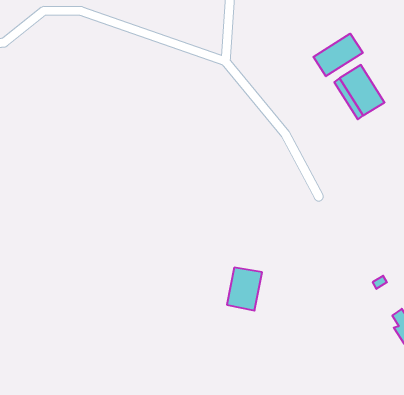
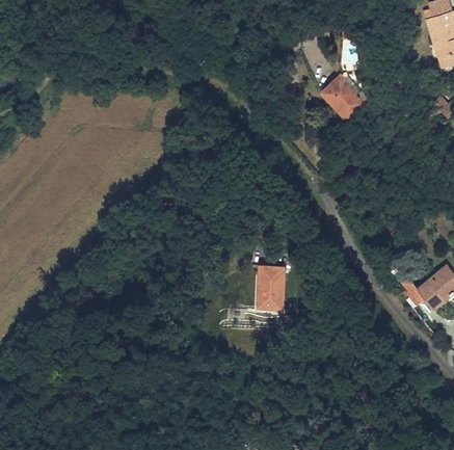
building: [313,34,363,76] -> none

